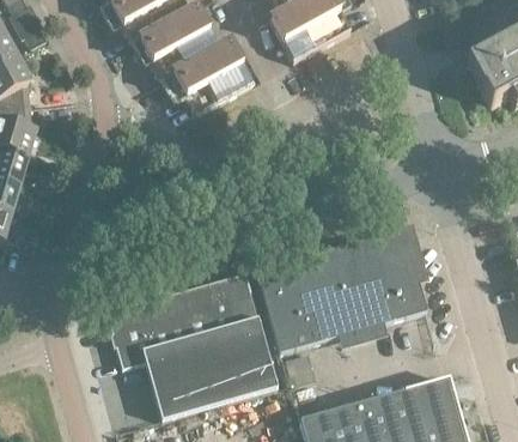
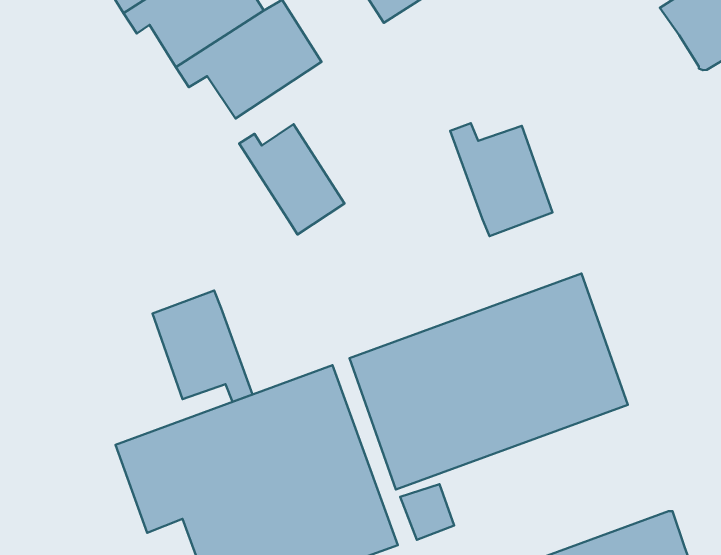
building: none -> [239,124,345,235]
building: none -> [450,123,553,236]
building: none -> [152,290,253,402]

